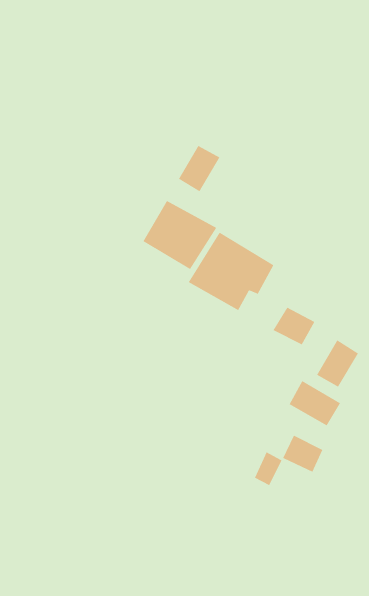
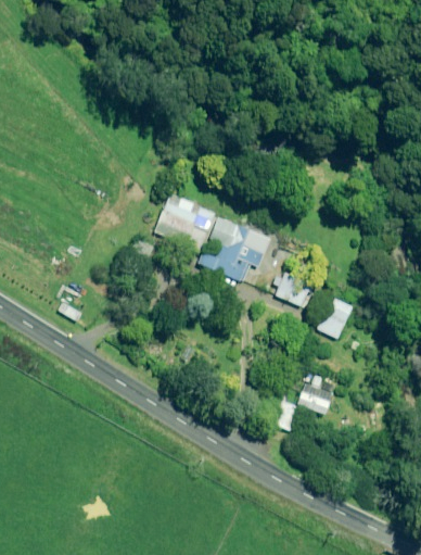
building: [178,145,220,192] -> none
building: [289,380,341,426] -> none

